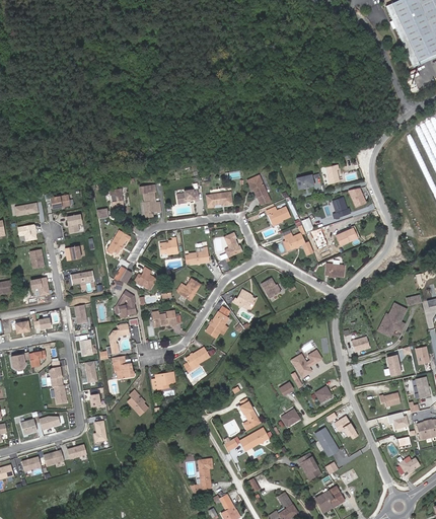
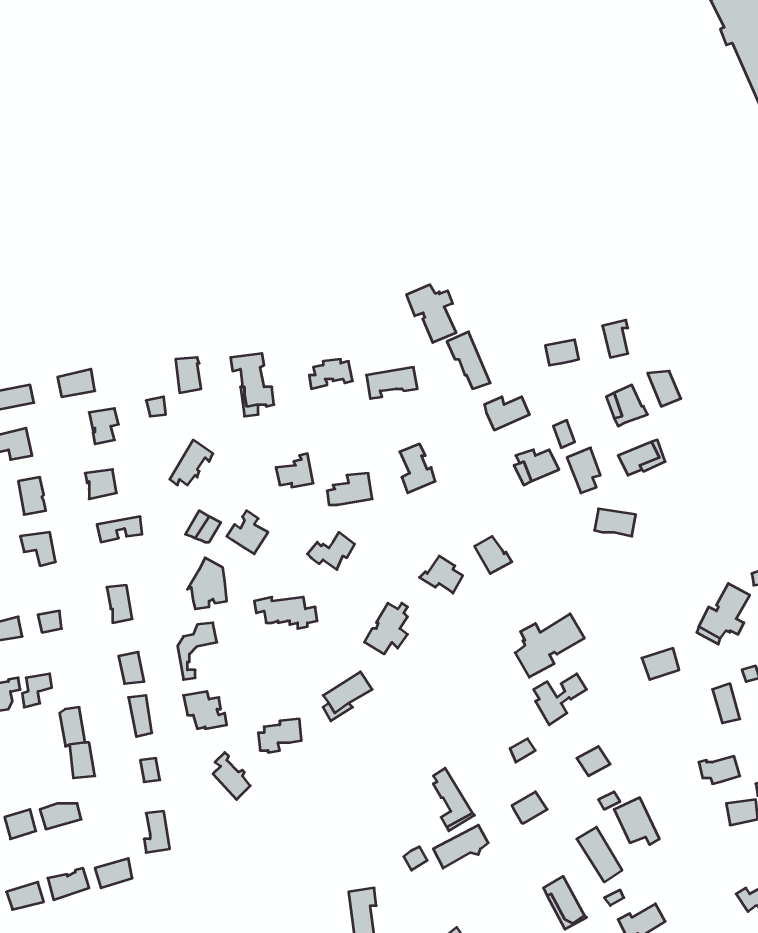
building: none -> [407,285,456,343]
building: none -> [515,614,584,677]

